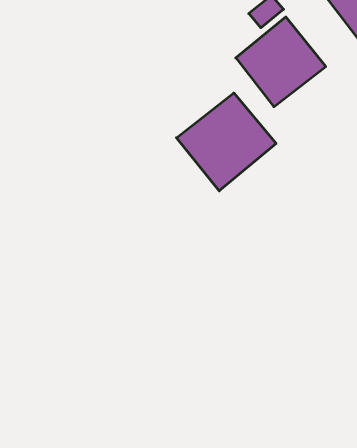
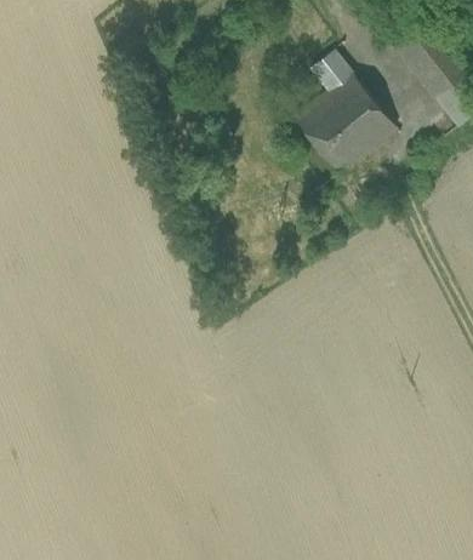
building: [176,93,276,191] -> none

